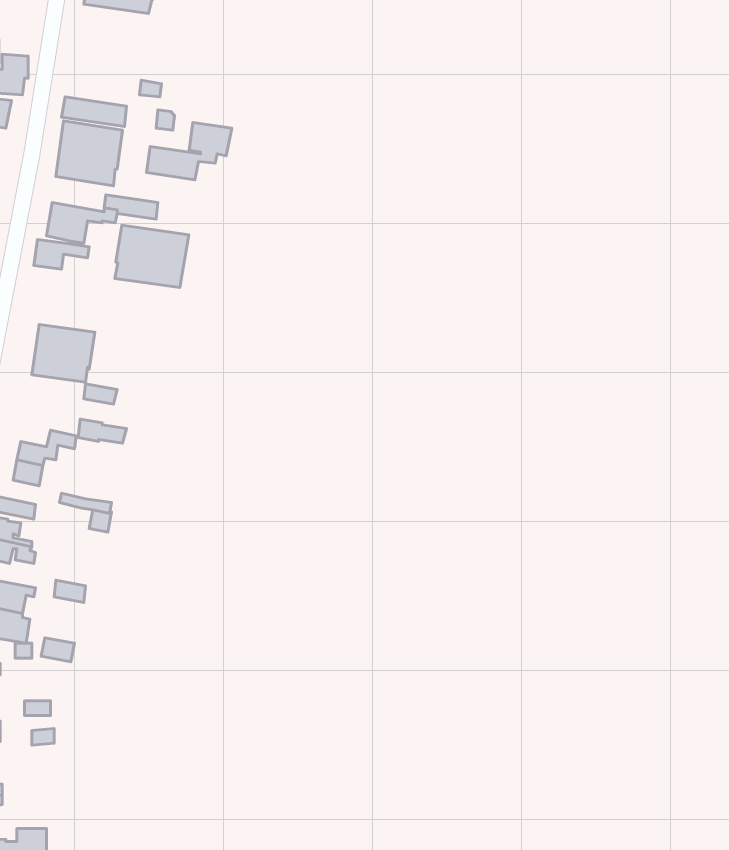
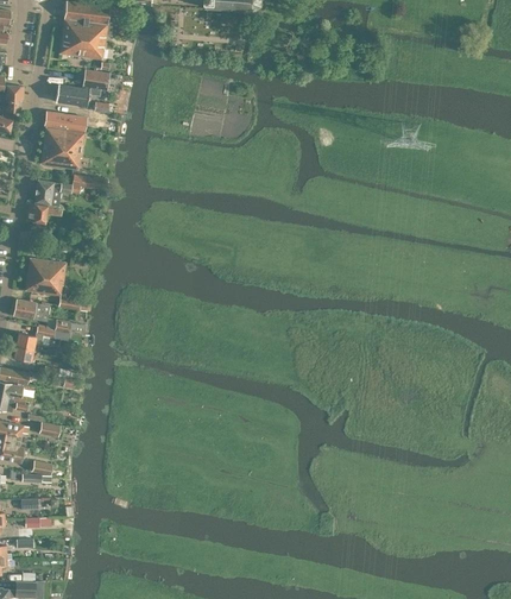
building: [147,122,232,180] -> [56,69,111,106]
building: [115,225,189,288] -> none
building: none -> [14,300,51,321]

